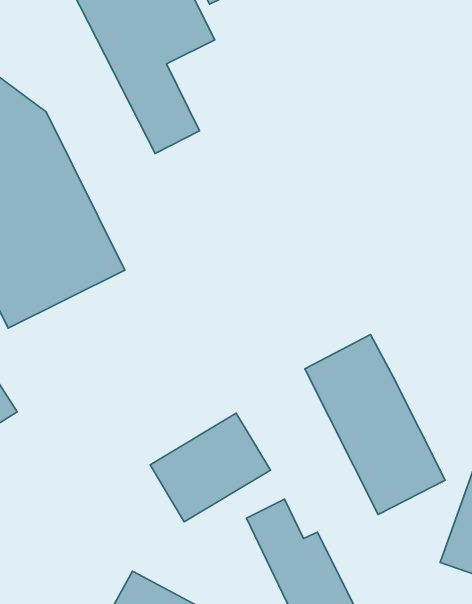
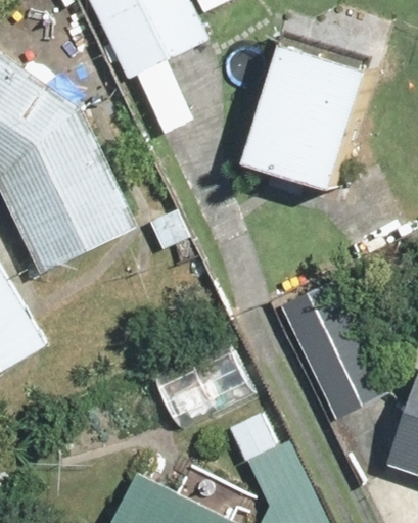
building: none -> [241,42,368,192]

